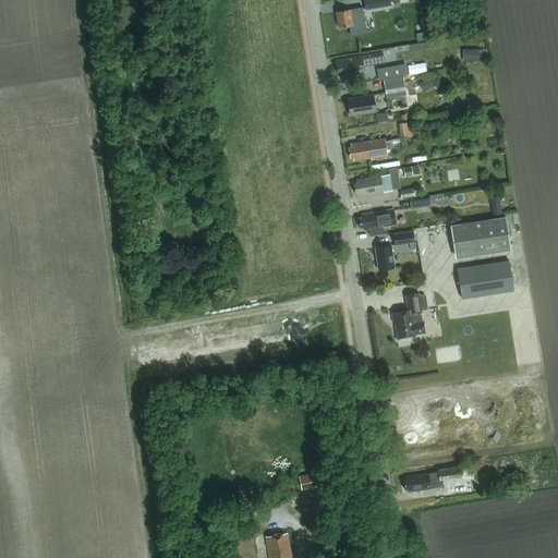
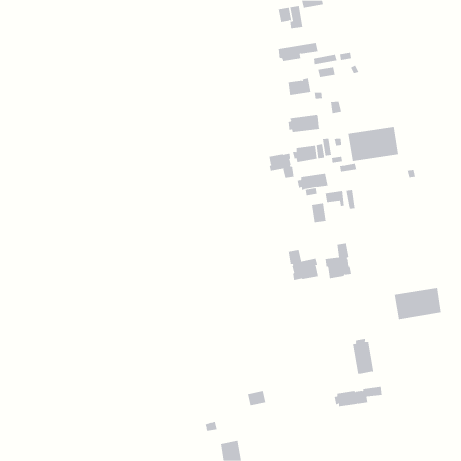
building: none -> [269,153,294,179]
building: [451,215,513,257] -> [348,126,399,162]
building: [457,259,514,299] -> [394,287,442,320]
building: none -> [288,249,318,281]
building: none -> [352,338,374,375]

